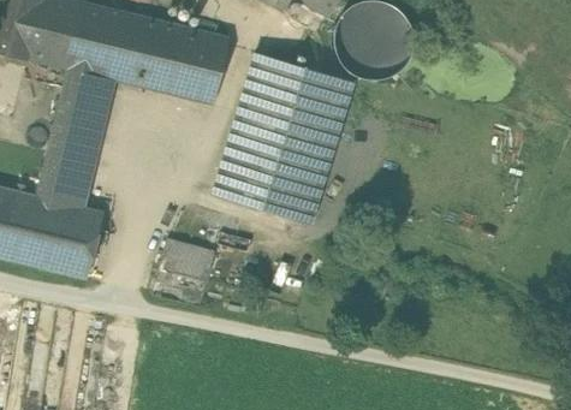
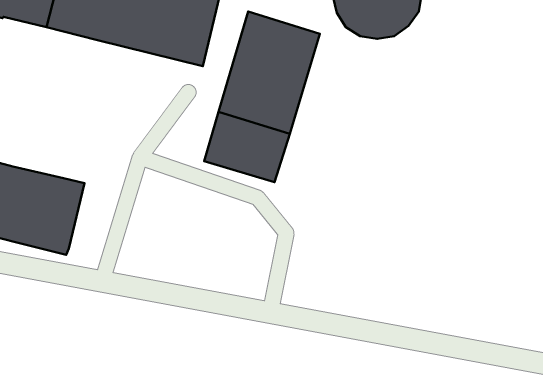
building: [37,67,115,207] -> none
building: [279,73,352,220] -> none
building: [160,238,216,281] -> none

